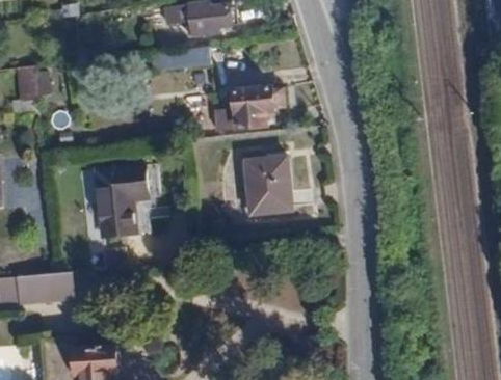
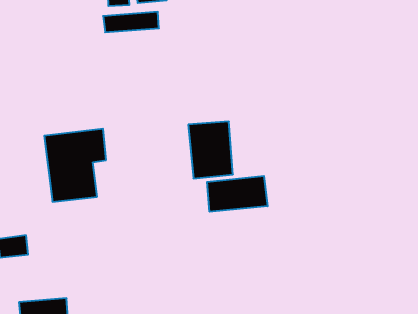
building: [212,87,269,128] -> none
building: none -> [207,176,268,212]

